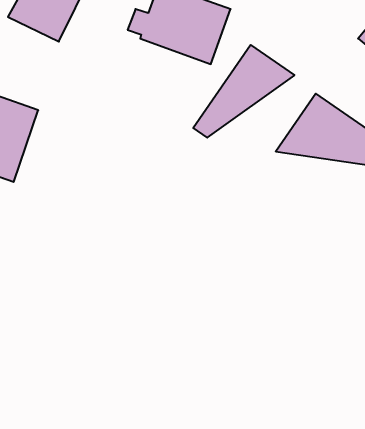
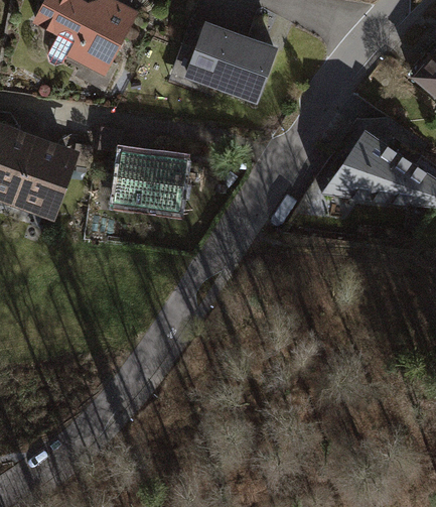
building: [193,45,294,138] -> none
building: none -> [115,152,187,212]

